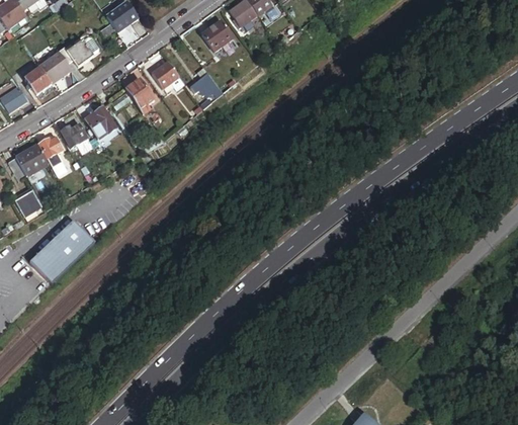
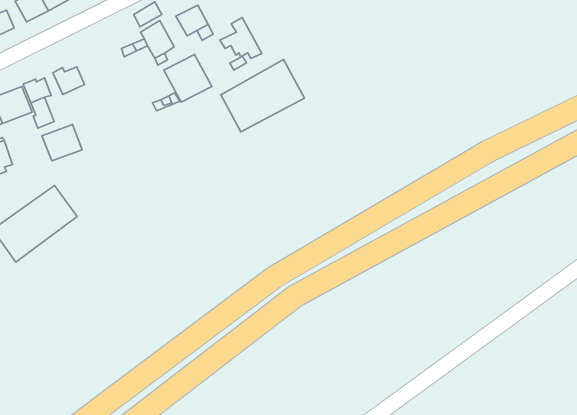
building: none -> [221,59,305,132]
building: none -> [164,54,212,102]
building: [85,107,116,140] -> none
building: none -> [42,124,82,161]

